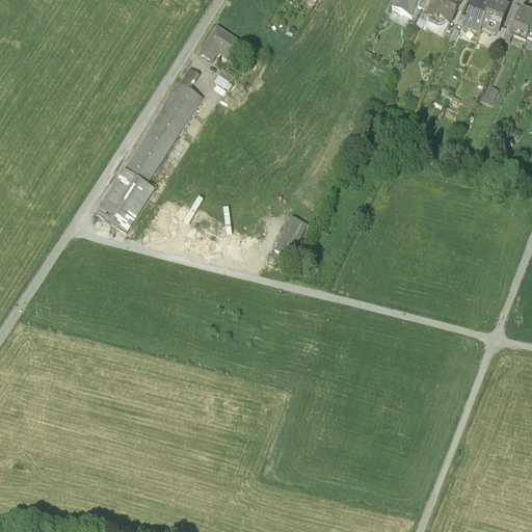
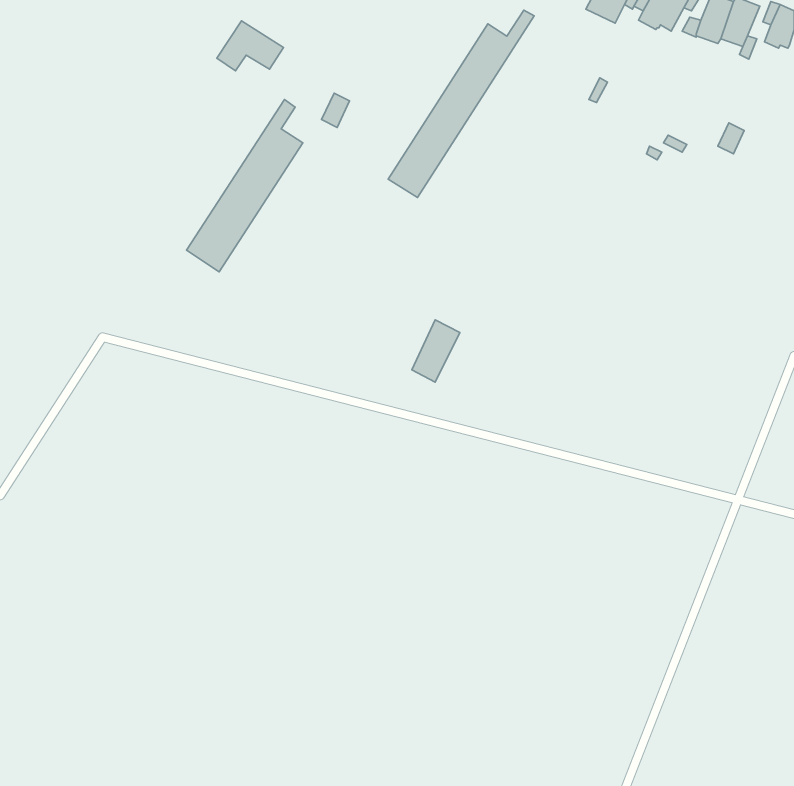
building: none -> [388,10,534,197]
building: [200,26,244,59] -> [217,21,284,71]
building: [96,167,155,231] -> none

